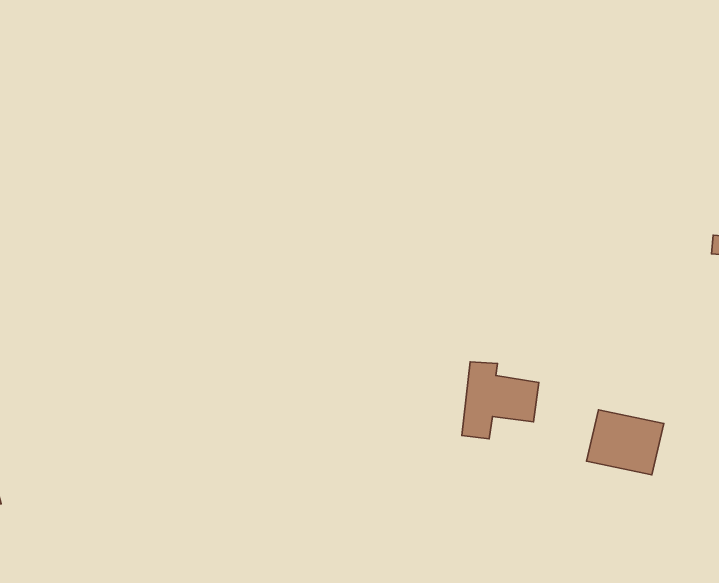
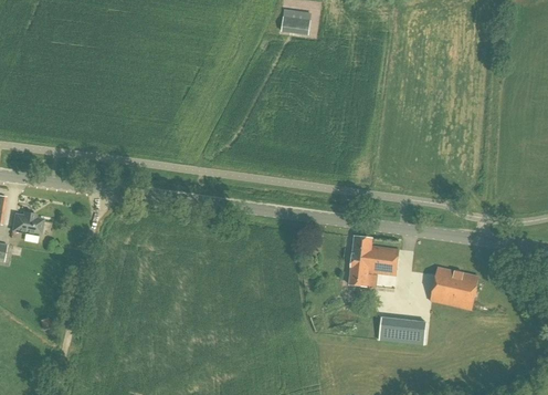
building: none -> [280,15,309,34]
building: none -> [376,316,428,344]

